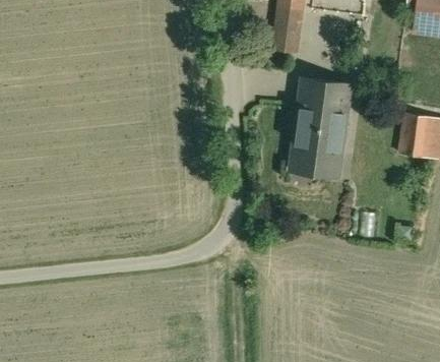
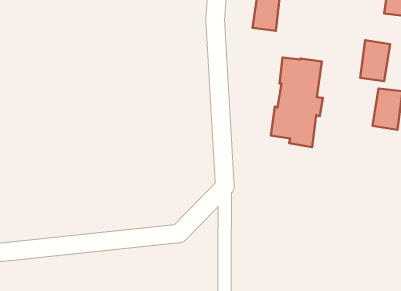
building: none -> [360,40,390,81]

